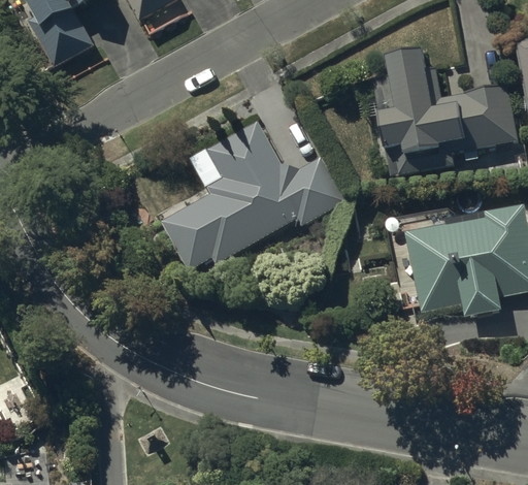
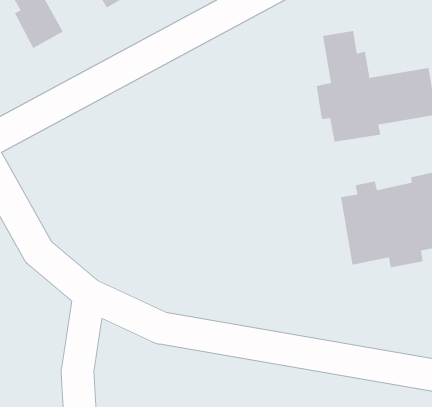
building: [160,122,343,272] -> none

